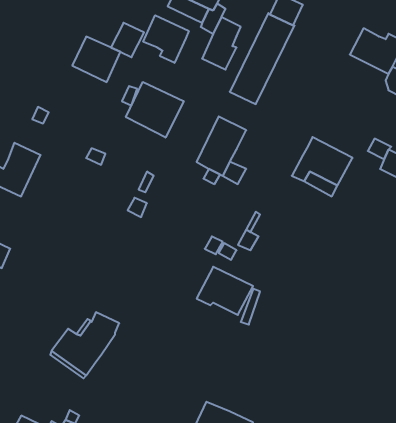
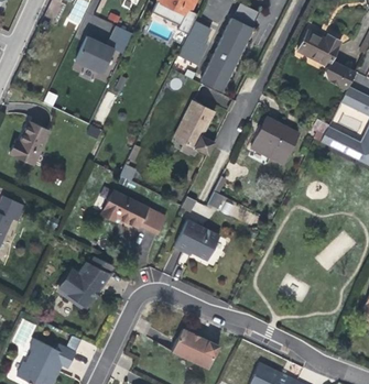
building: [143,15,189,63] -> none
building: [126,82,184,138] -> none
building: none -> [102,190,166,233]

